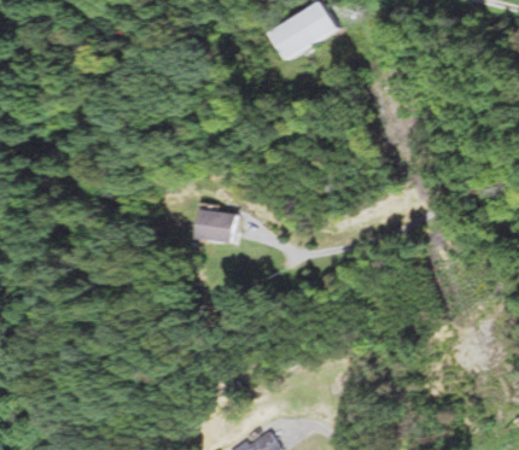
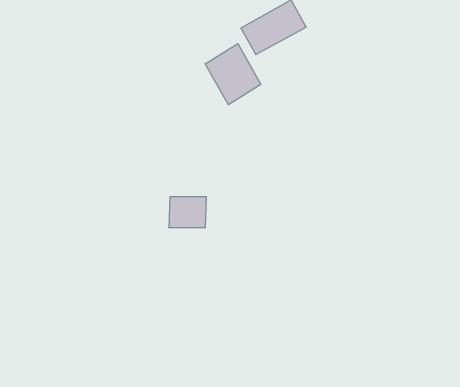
building: none -> [205,44,261,105]

